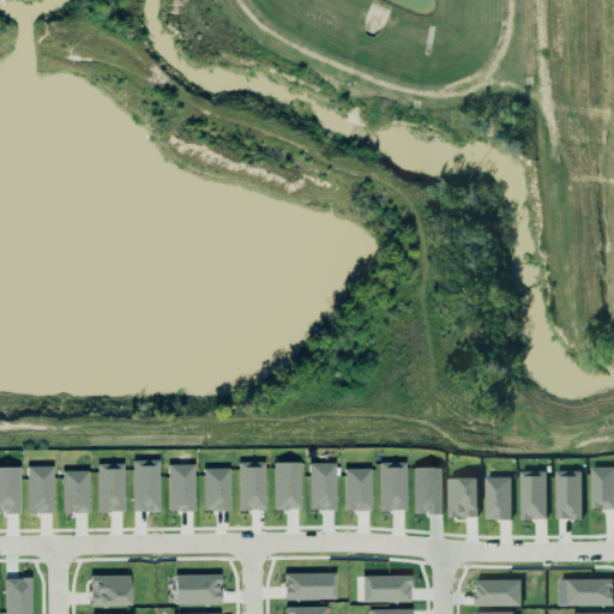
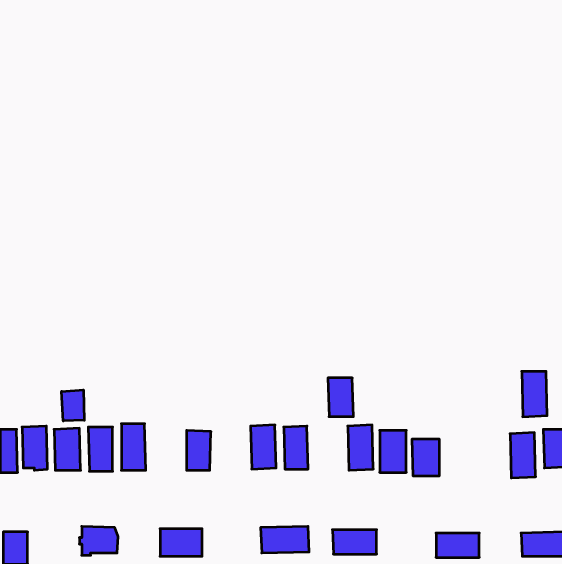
building: none -> [62,390,84,421]
building: [240,462,266,511] -> none
building: [169,464,195,511] -> none
building: [345,469,373,511] -> [328,378,353,417]
building: [522,470,549,519] -> [522,371,547,417]
building: [487,476,513,519] -> none

